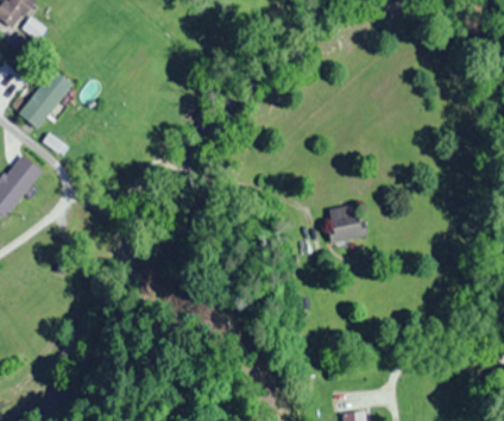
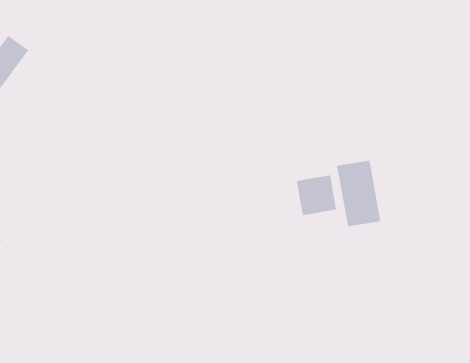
building: none -> [337,160,381,227]

